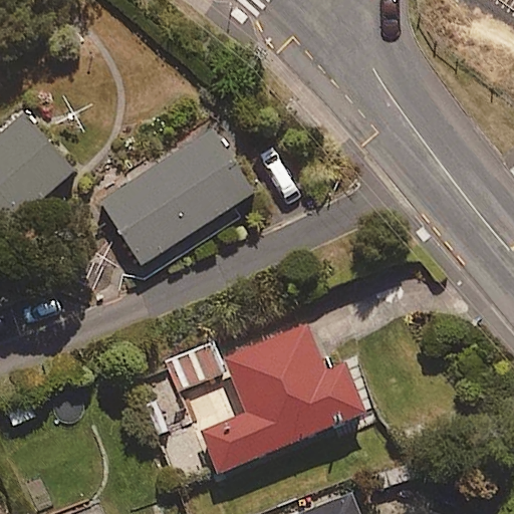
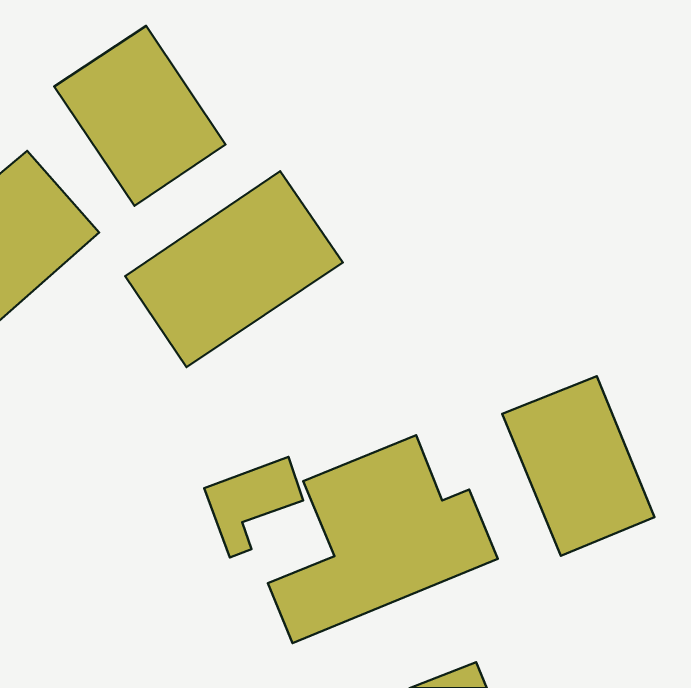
building: none -> [54,26,225,206]
building: none -> [502,376,654,556]

